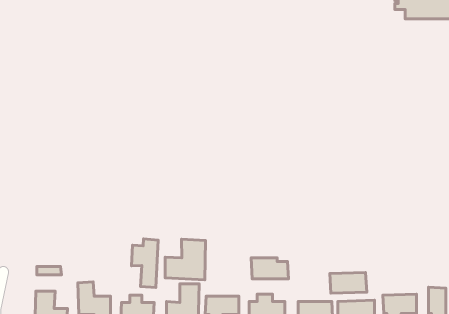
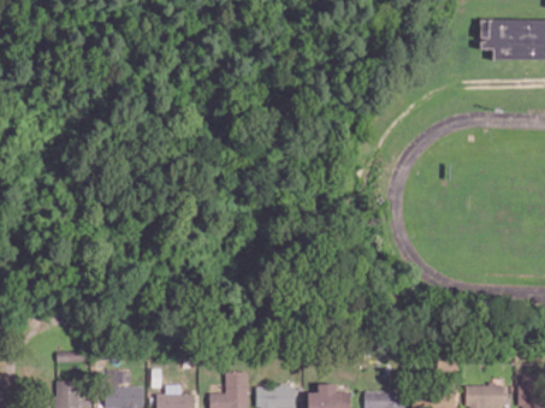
building: [131,239,158,288] -> none
building: [165,239,206,280] -> none
building: [251,258,288,279] -> none
building: [330,273,367,293] -> none

